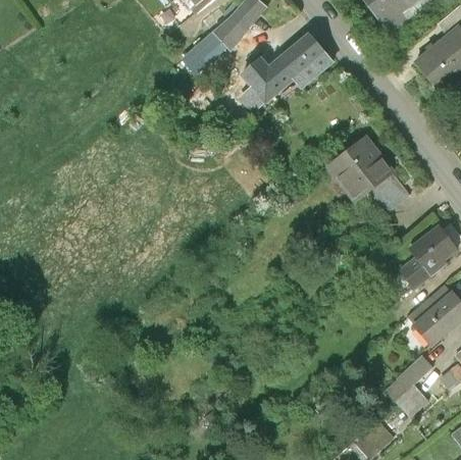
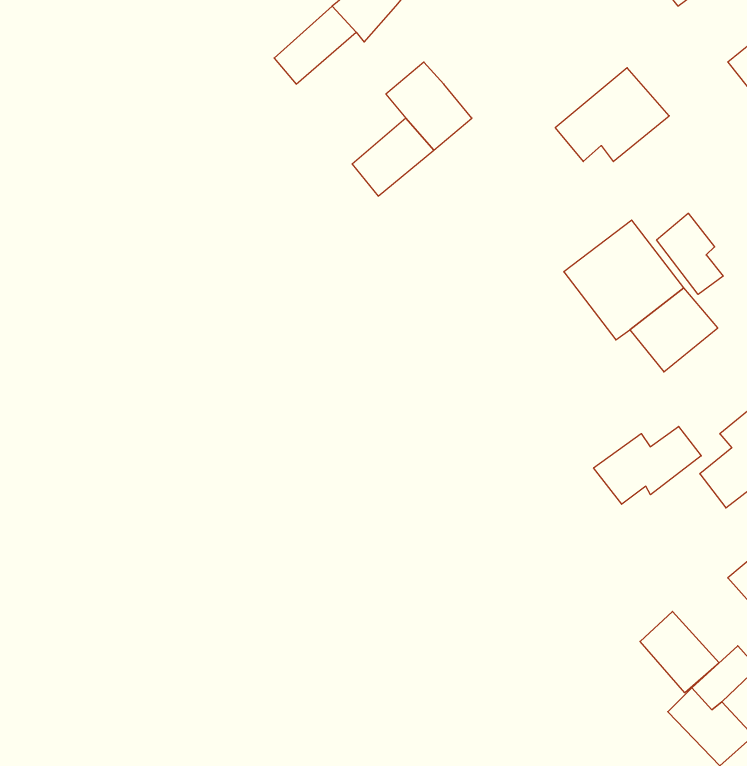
building: [270,39,328,87] -> [555,68,669,162]
building: none -> [657,213,723,294]
building: none -> [594,426,701,504]
building: none -> [640,611,719,693]

